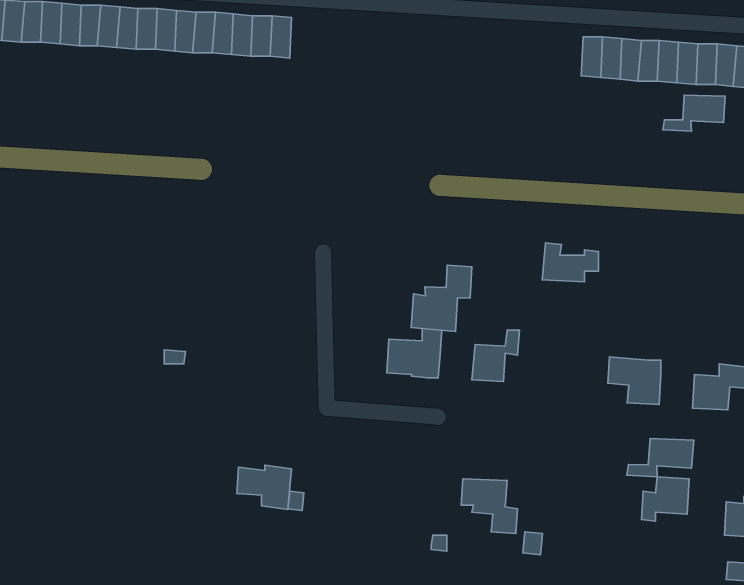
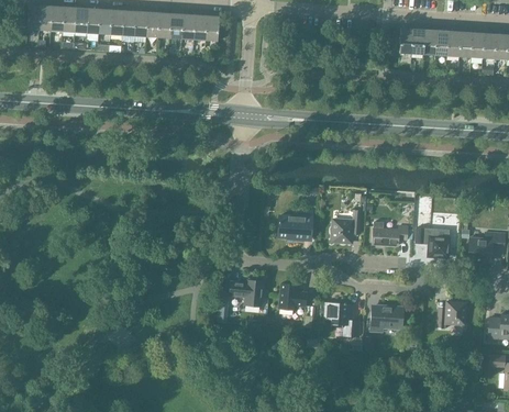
building: [663,95,725,131] -> none
building: [542,243,599,282] -> [373,221,408,245]
building: [411,265,472,332] -> none
building: [627,438,694,477] -> none
building: none -> [279,282,308,309]
building: [237,465,291,509] -> [230,279,264,307]
building: none -> [373,305,401,331]

